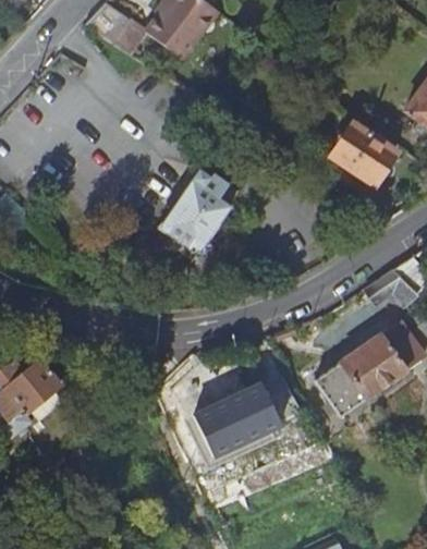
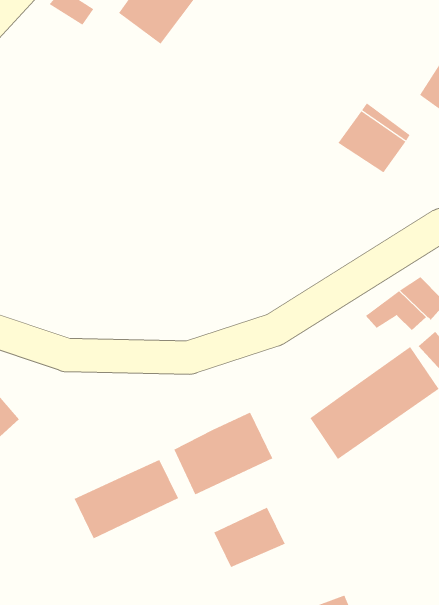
building: [159,169,240,253] -> none
building: none -> [74,459,179,539]
building: none -> [213,507,286,568]

